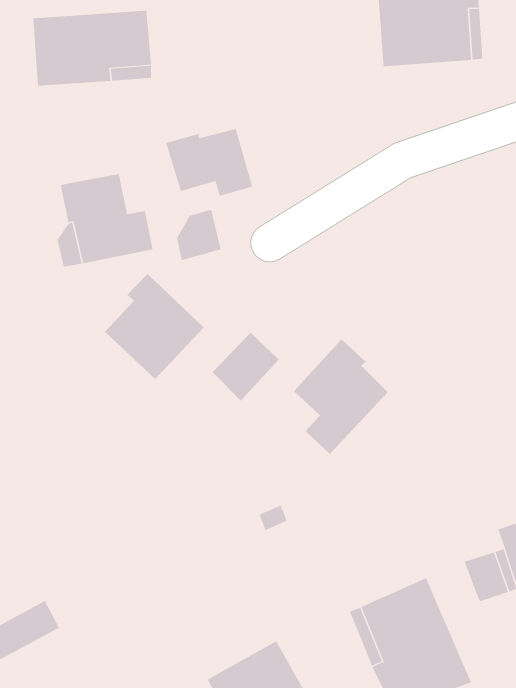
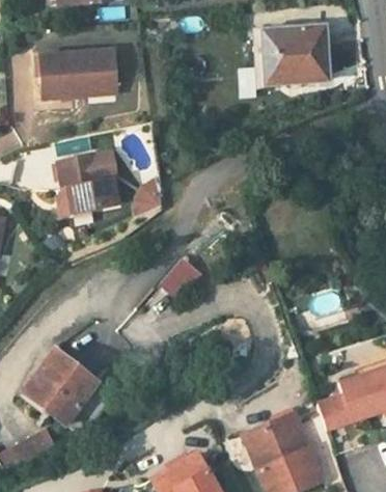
building: [166,128,253,197] -> none
building: [104,273,204,380] -> none
building: [293,338,388,455] -> none
building: none -> [27,350,114,438]

